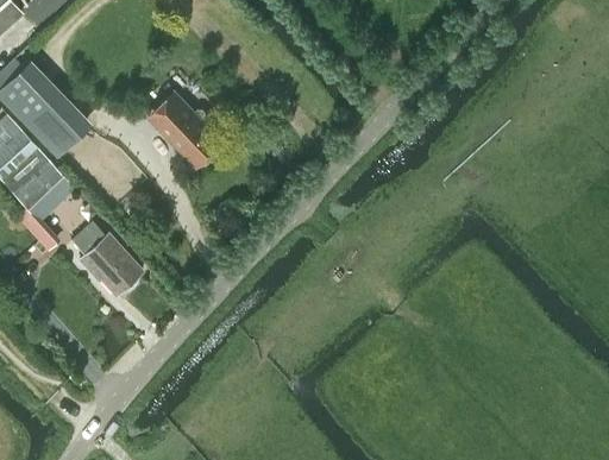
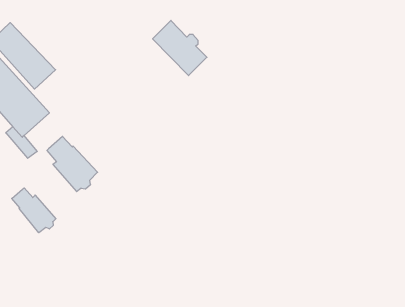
building: [146,90,220,165] -> [153,20,207,76]
building: none -> [12,188,56,233]

